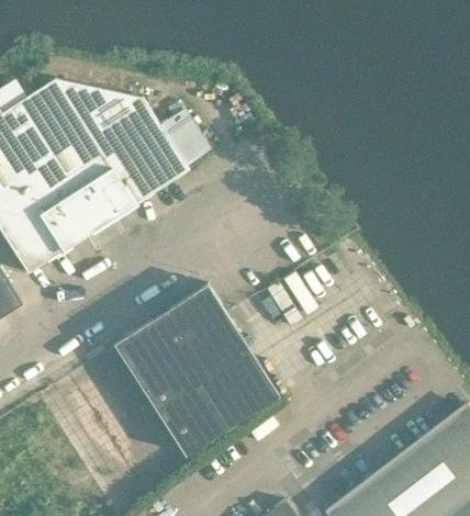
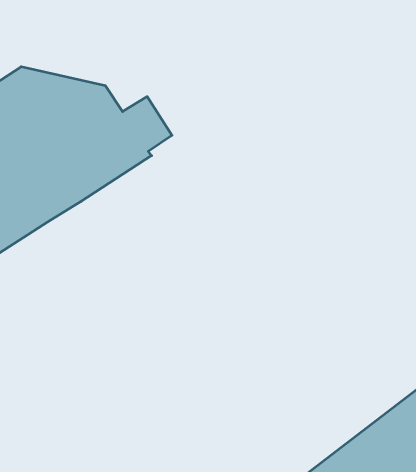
building: [114,283,279,456] -> none

